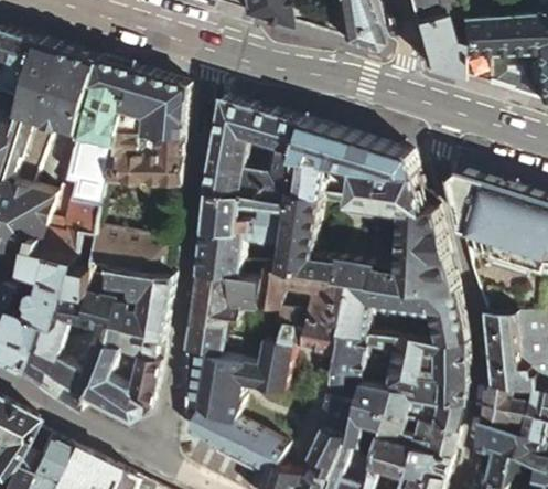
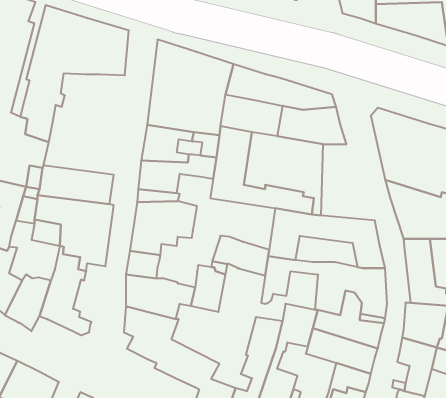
building: [105,130,183,185] -> none
building: [287,153,326,194] -> none
building: [396,208,454,290] -> none
building: [257,264,346,322] -> none
building: [368,307,436,341] -> none
building: [57,308,112,355] -> none
building: [127,337,163,404] -> none
building: [366,435,412,478] -> none

